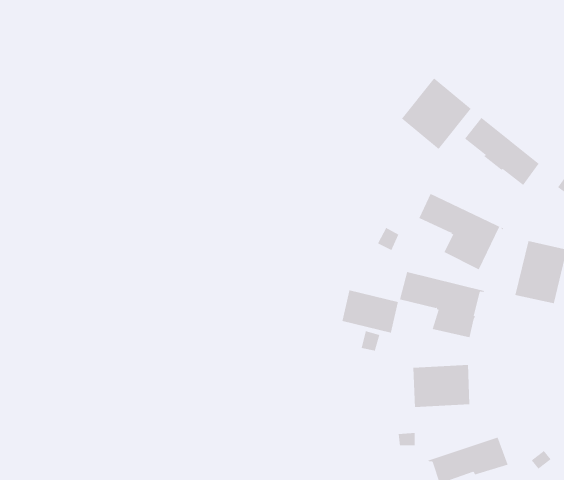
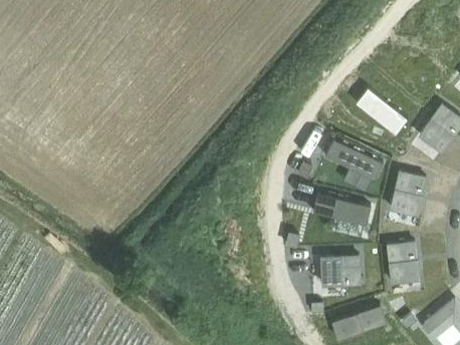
building: [401,78,472,150] -> none
building: [342,290,398,333] -> none
building: none -> [388,242,419,282]

